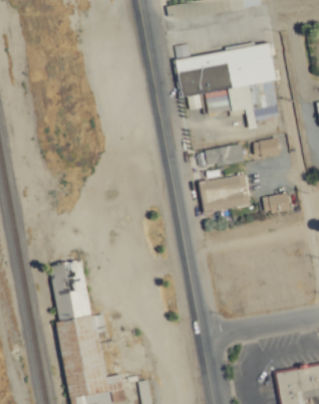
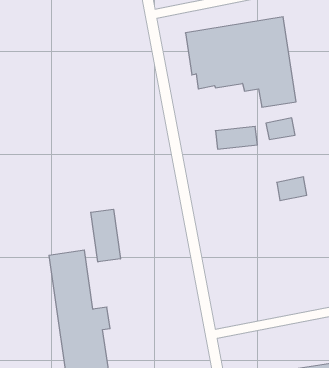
building: [201,175,249,211] -> none
building: none -> [91,209,120,262]

